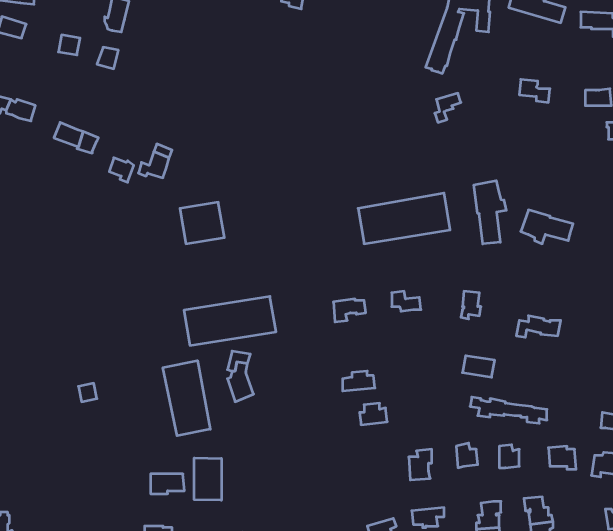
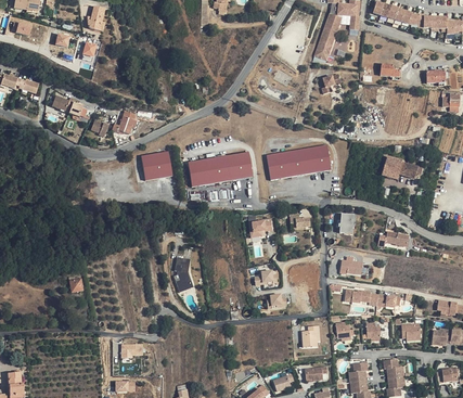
building: [474,181,506,244] -> none
building: [184,296,276,345] -> [188,152,253,187]
building: [163,361,210,436] -> none
building: [194,458,221,500] -> none

